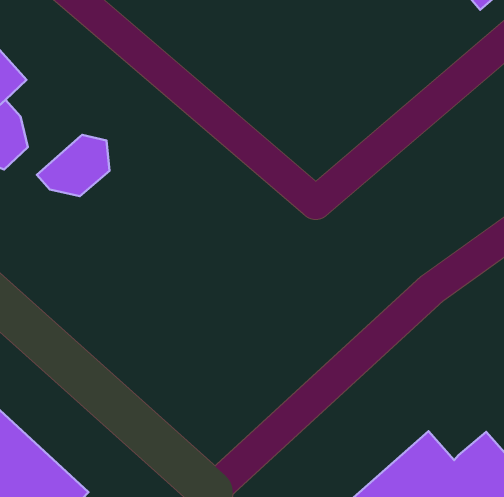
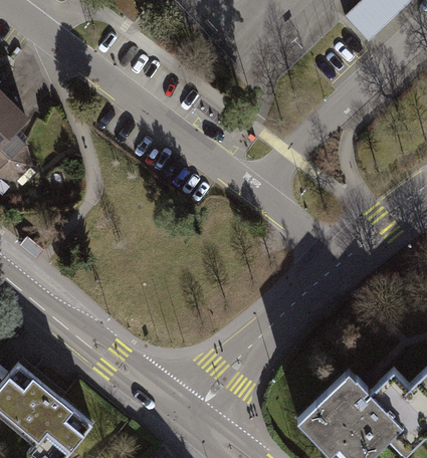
building: [37,135,110,196] -> none

